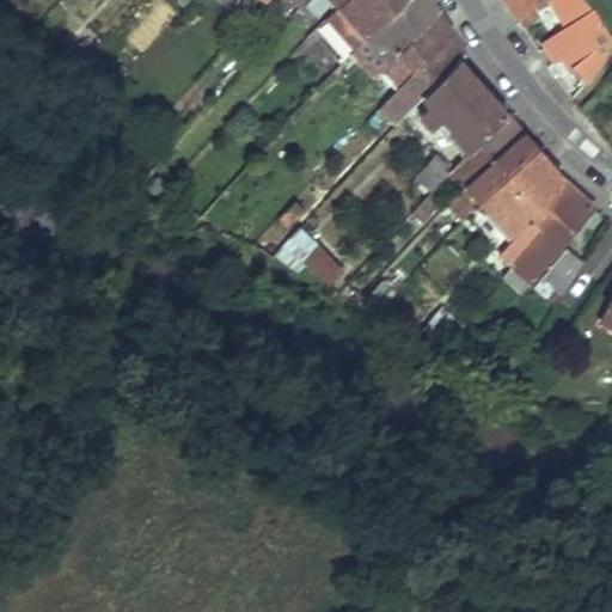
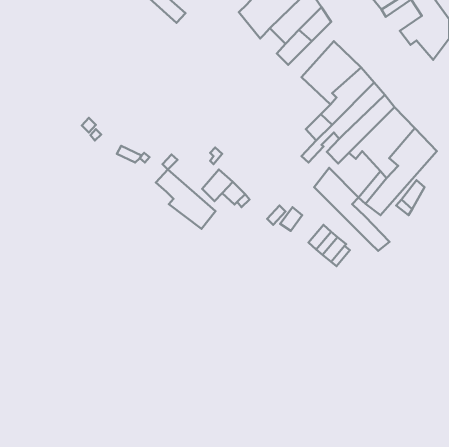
building: [379,30,461,120] -> none
building: none -> [314,168,389,251]
building: none -> [156,169,215,229]

